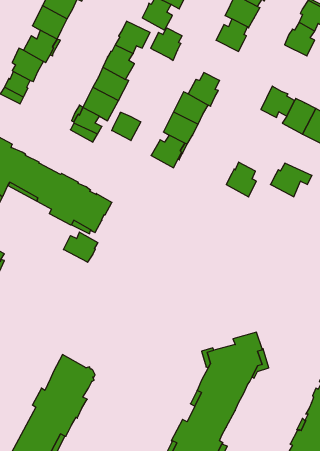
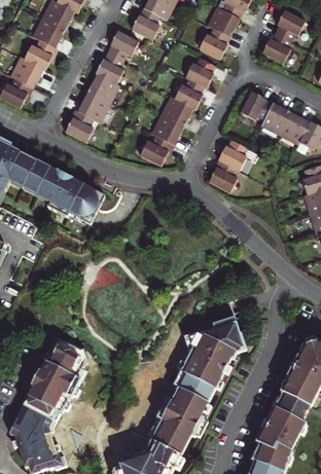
building: [151,28,182,60] -> [185,58,214,87]
building: [112,112,141,141] -> none
building: [270,163,312,197] -> [218,140,256,171]
building: [63,232,98,262] -> none

